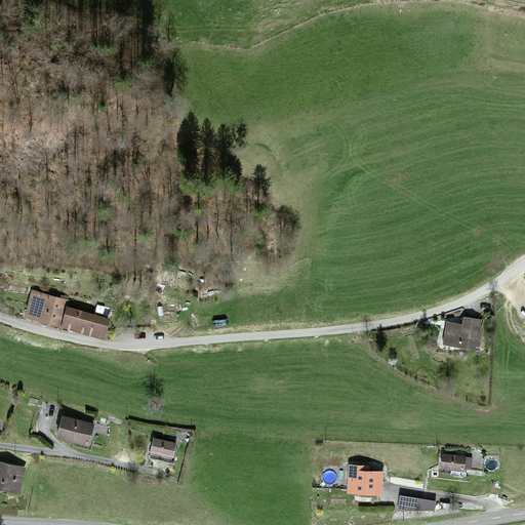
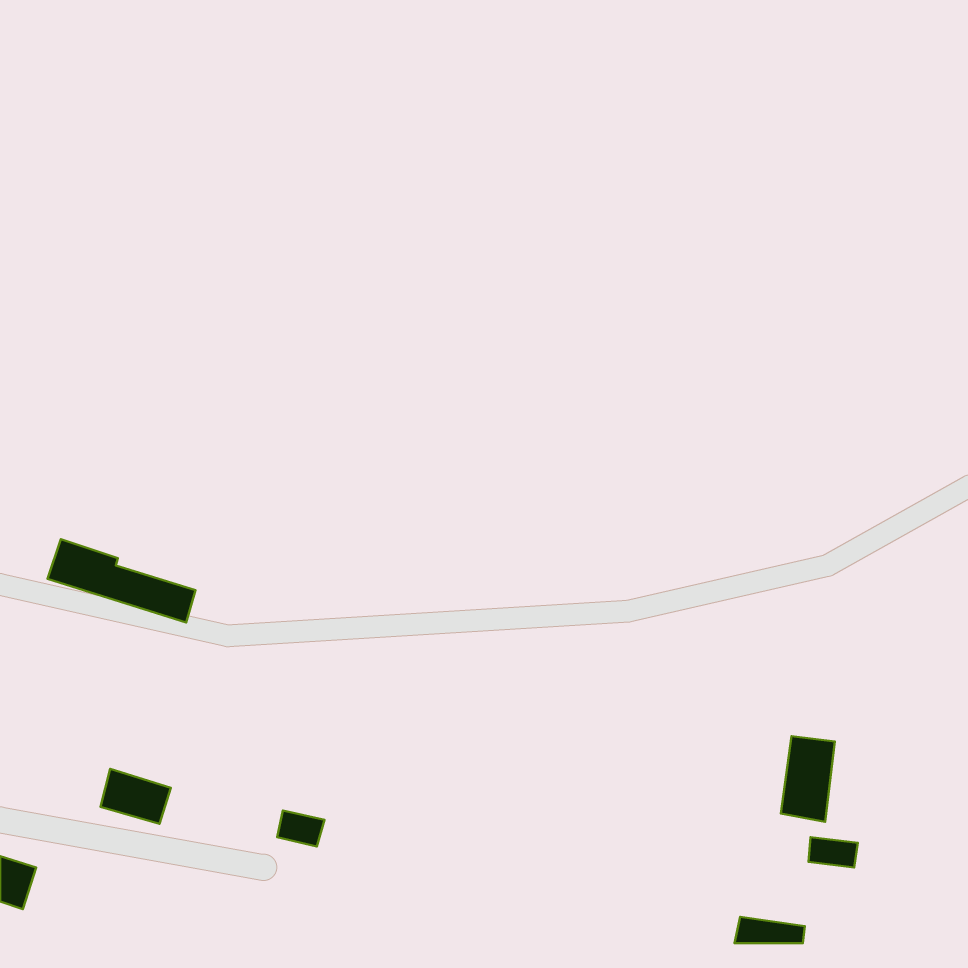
building: [442,318,481,349] -> none
building: none -> [781,736,835,822]
building: [349,465,385,494] -> none

